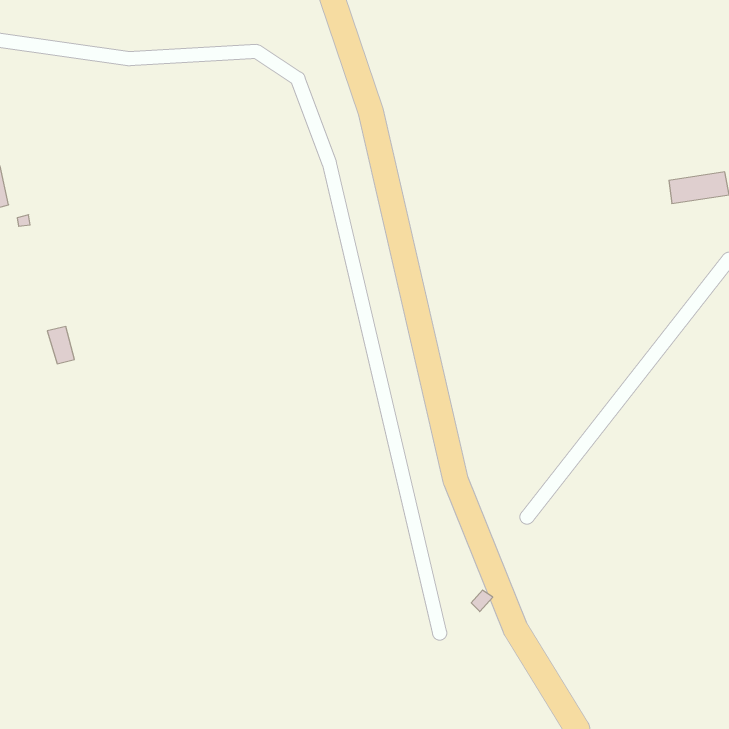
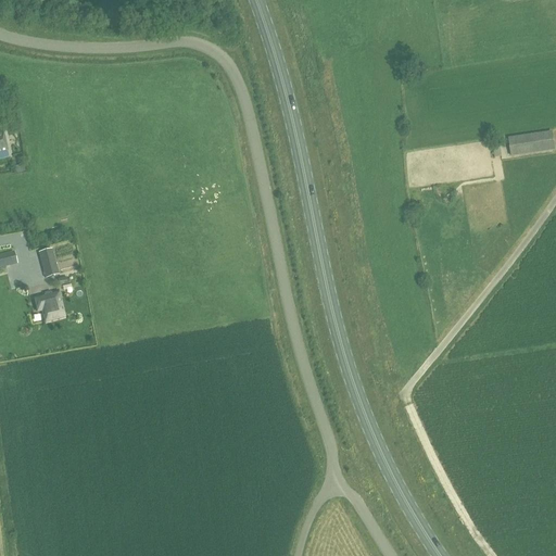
building: none -> [31,288,64,320]

